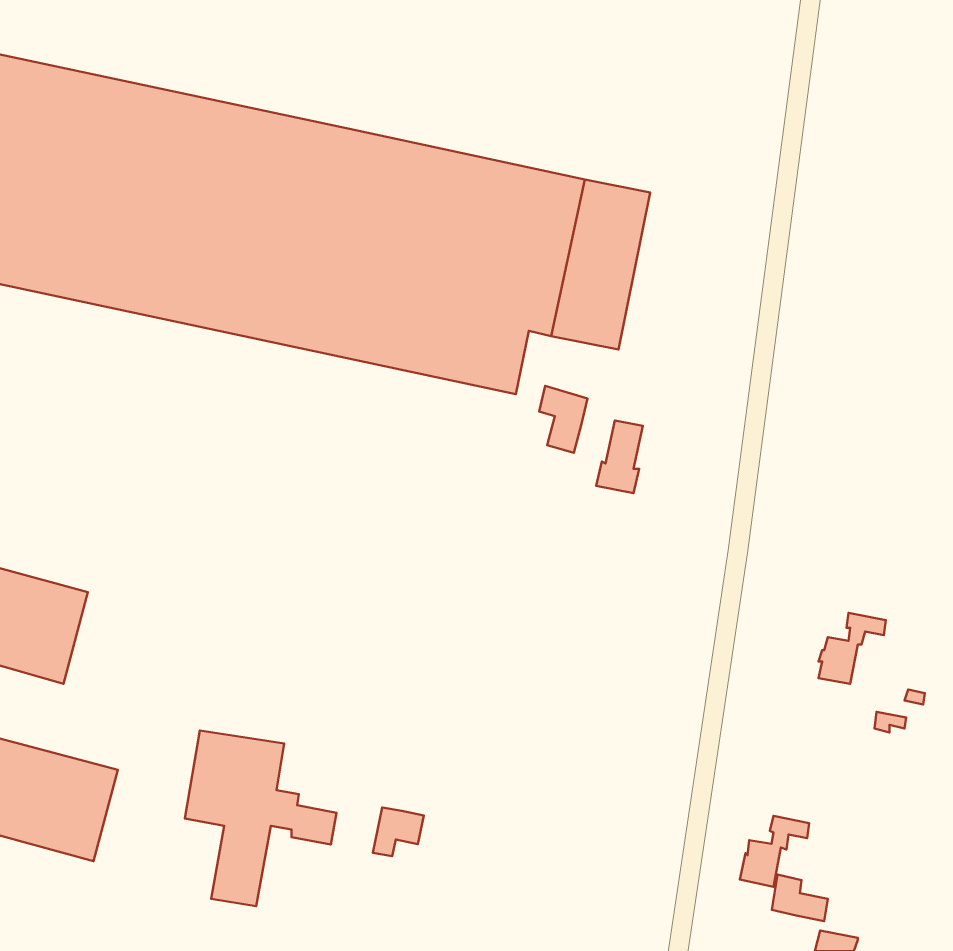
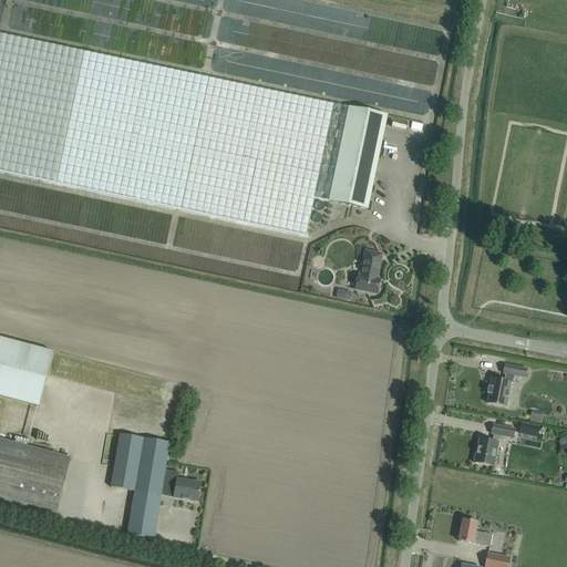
building: [539,386,587,453] -> none
building: [373,807,424,856] -> none
building: [740,816,809,887] -> [472,423,513,465]

